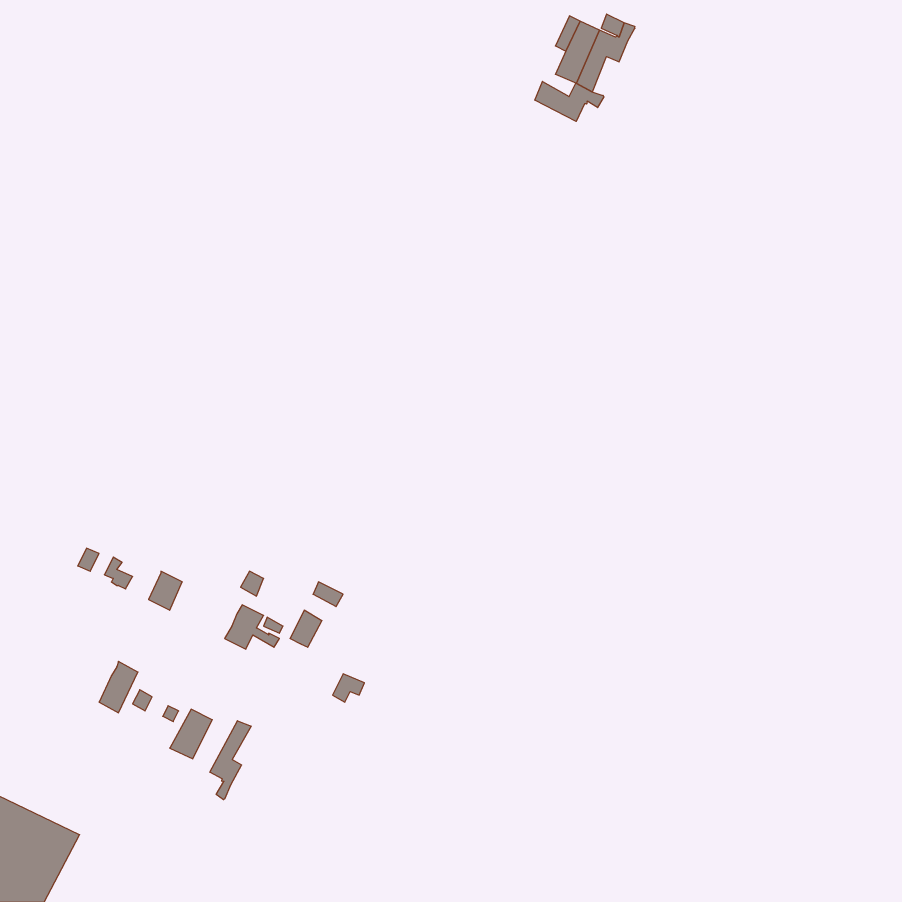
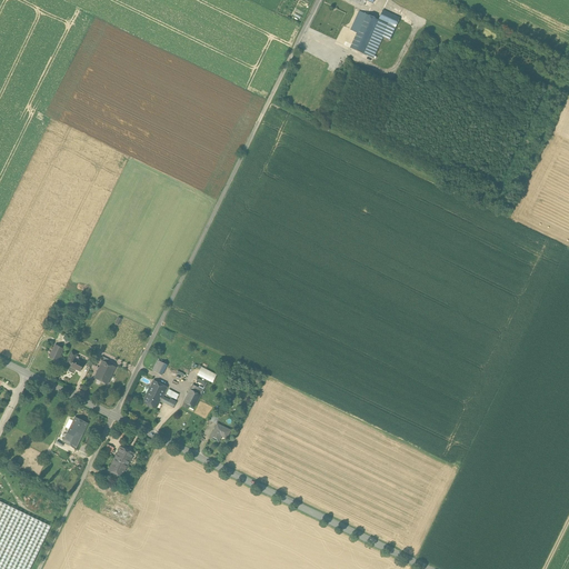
building: [535,81,604,121] -> none
building: [210,721,251,800] -> none

